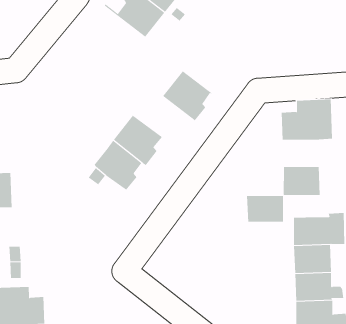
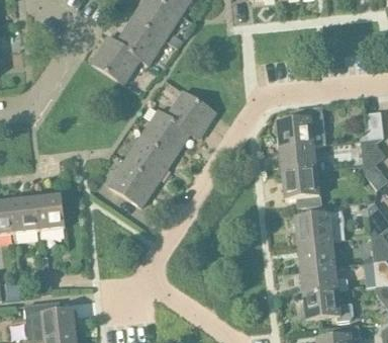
building: none -> [90,37,147,82]
building: none -> [140,110,198,157]
building: none -> [33,194,64,230]
building: [246,195,284,222] -> [279,145,315,172]

